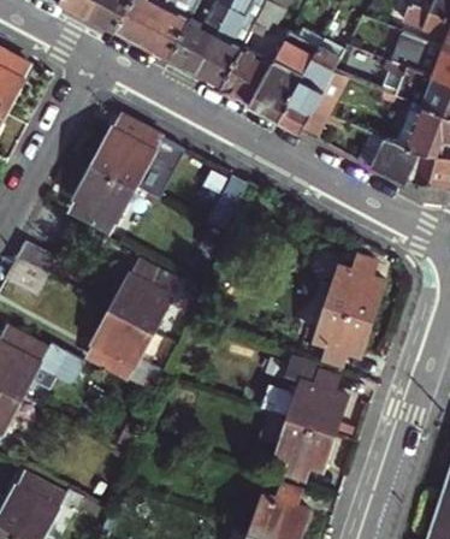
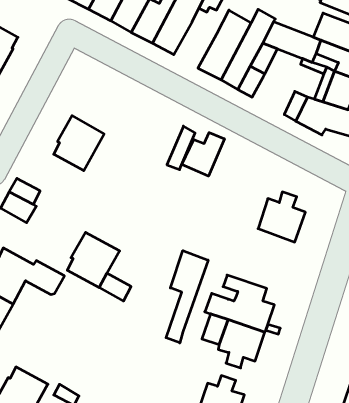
building: [221,46,274,103] -> none
building: [95,117,161,185] -> none
building: none -> [182,133,224,176]
building: [112,261,180,331] -> none
building: [314,303,372,365] -> none
building: none -> [166,251,208,343]

